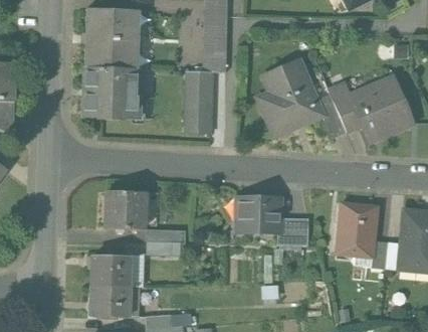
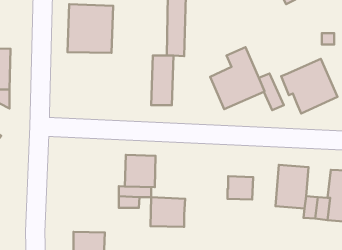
building: [83,66,140,117] -> none
building: [328,81,363,135] -> none
building: [106,190,144,229] -> [125,155,156,187]
building: [238,196,280,232] -> [150,197,185,227]
building: [91,255,131,286] -> none

